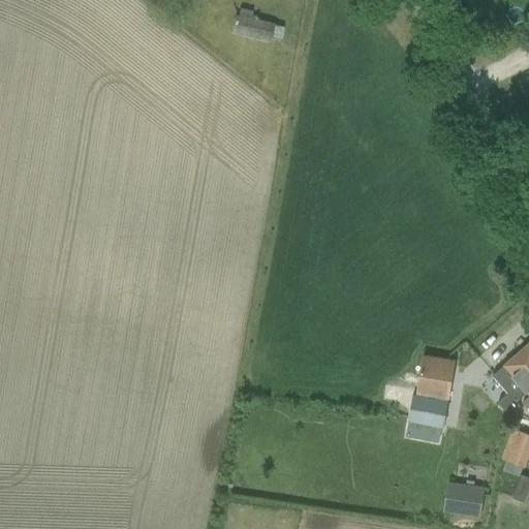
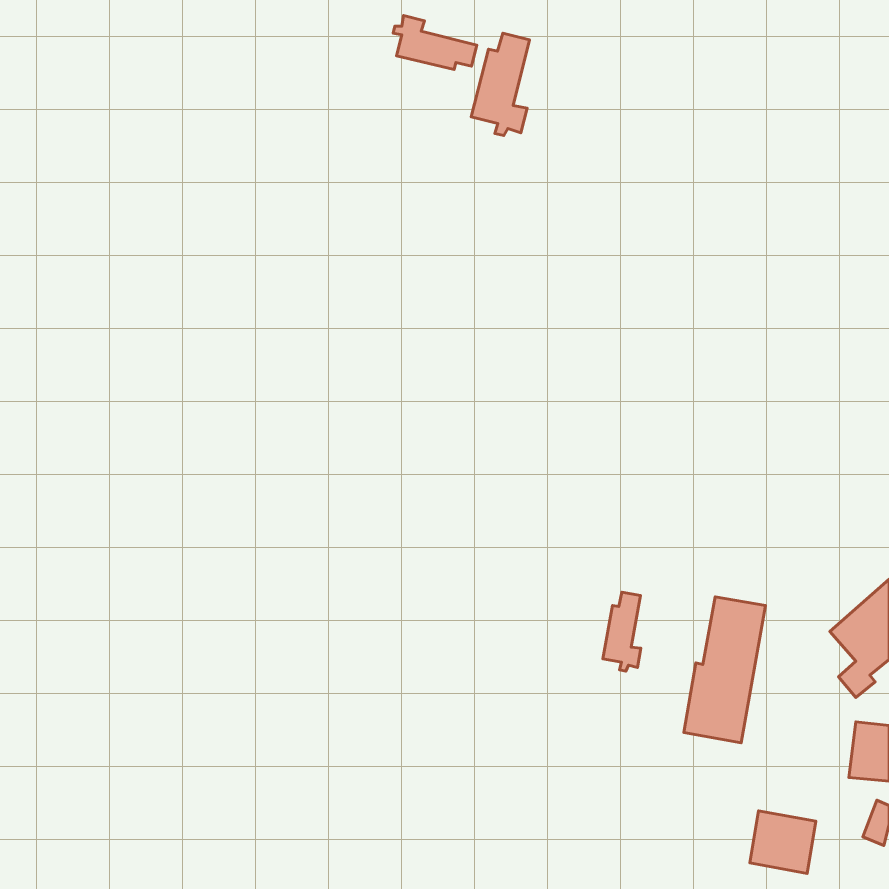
building: none -> [471,33,530,136]
building: none -> [603,592,641,671]

